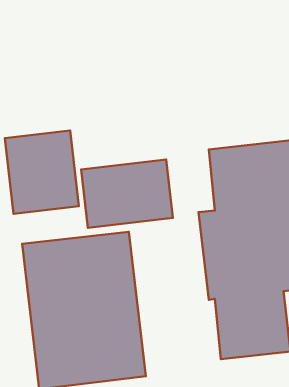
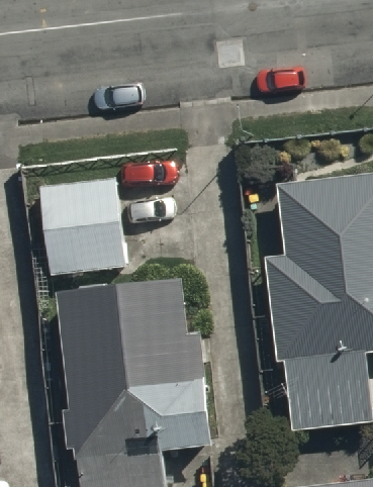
building: [81,160,173,228] -> none

